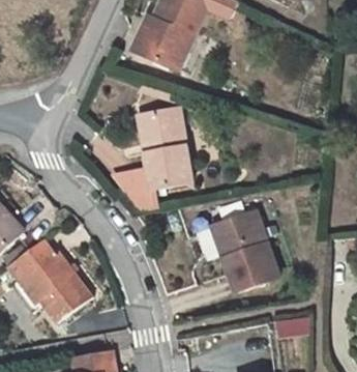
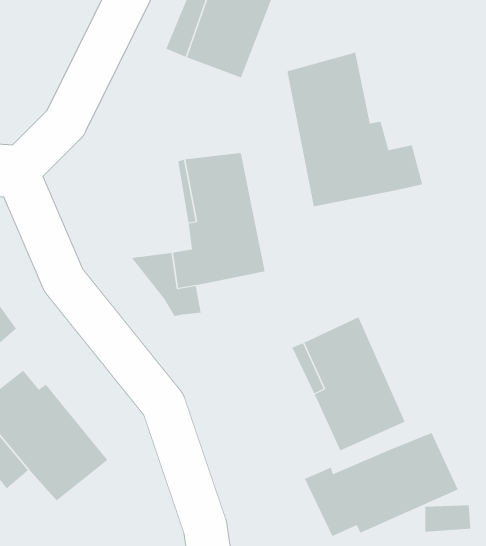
building: none -> [287,52,423,207]
building: none -> [304,432,458,537]

